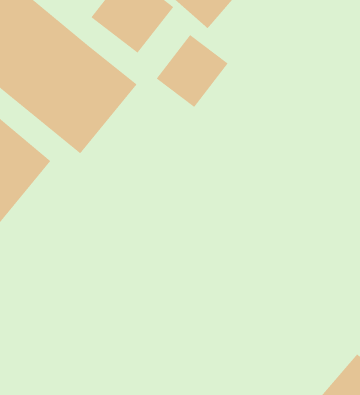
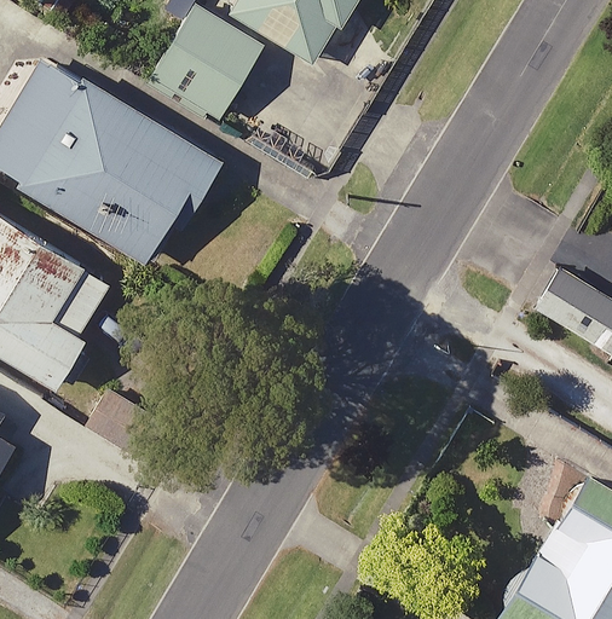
building: [156,34,228,108] -> none

